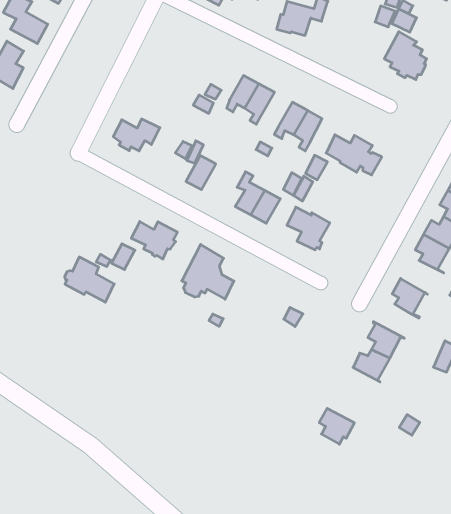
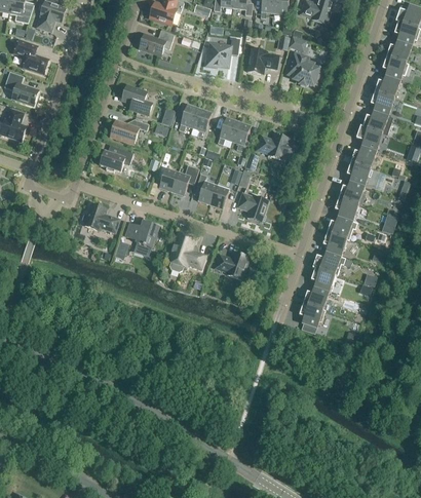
building: none -> [246,49,278,74]
building: none -> [121,85,152,115]
building: none -> [109,119,148,144]
building: none -> [170,165,198,196]
building: [65,257,114,302] -> [82,203,119,233]
building: none -> [327,217,357,240]
building: none -> [215,252,248,279]
building: none -> [312,252,345,275]
building: [319,408,354,444] -> [299,303,324,328]

